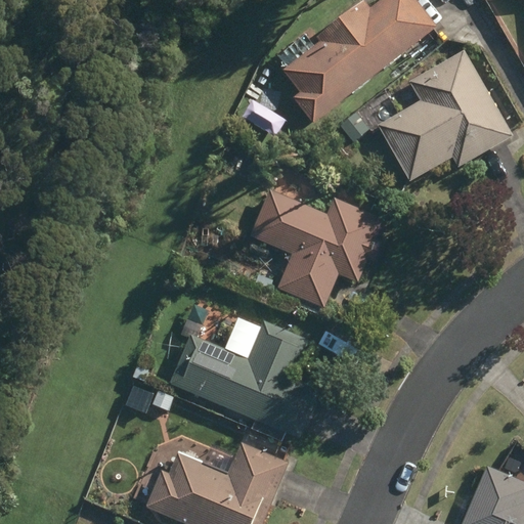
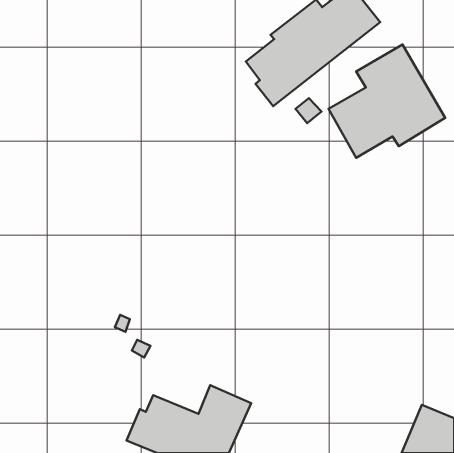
building: [250,190,384,307] -> none
building: [169,321,319,437] -> none

